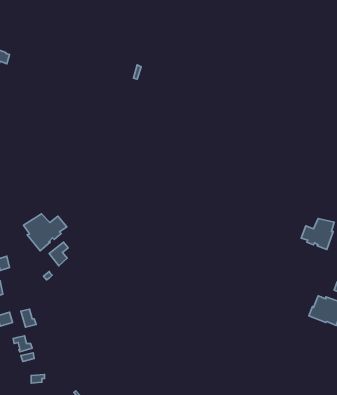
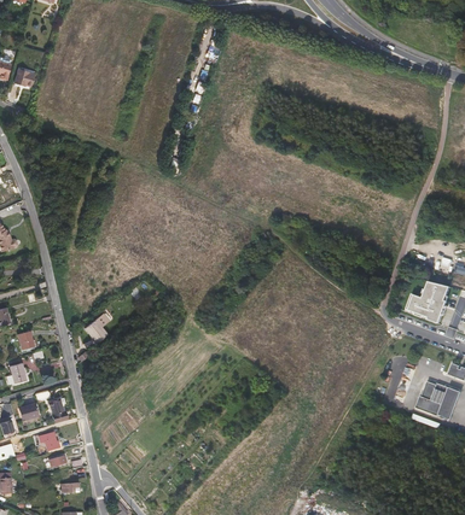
building: [24,214,67,251] -> none

